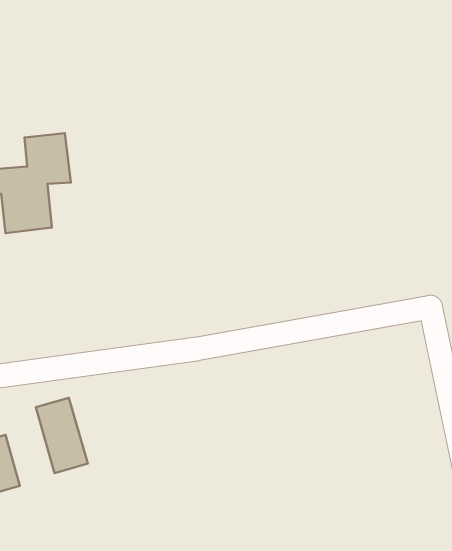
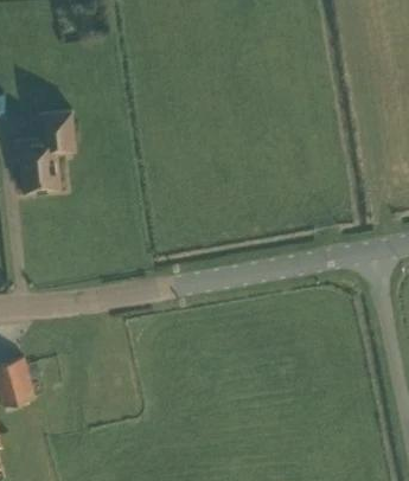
building: [36,398,88,473] -> none

